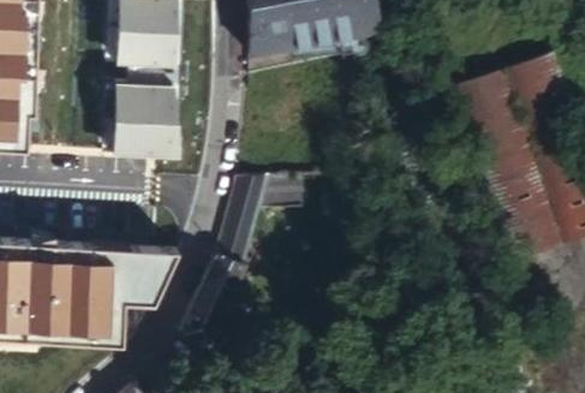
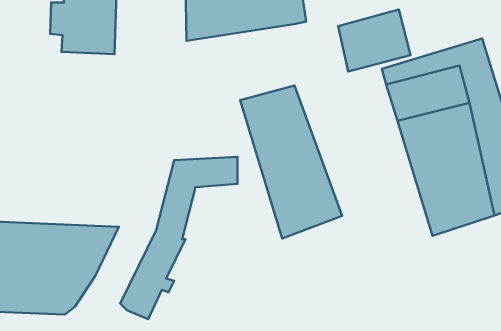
building: none -> [338,9,410,72]
building: [100,84,172,157] -> none
building: none -> [240,86,342,239]

